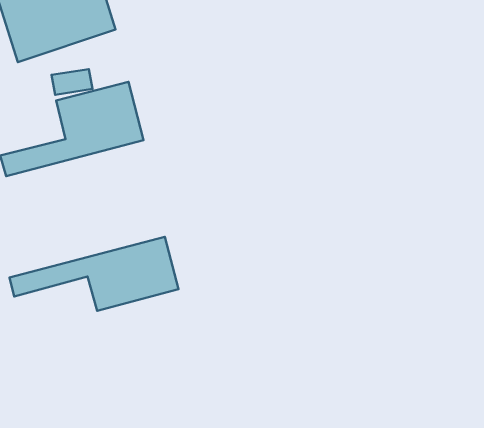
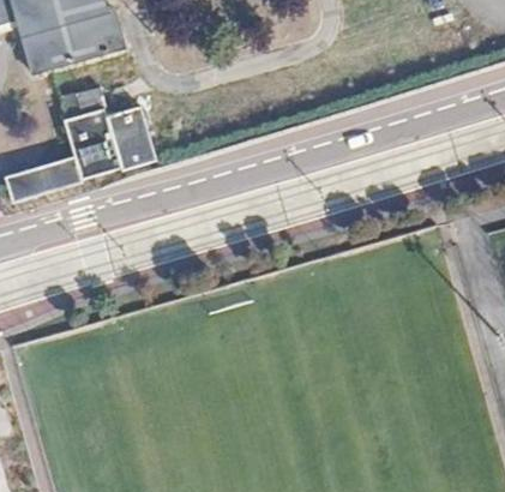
building: [10,237,179,311] -> none

